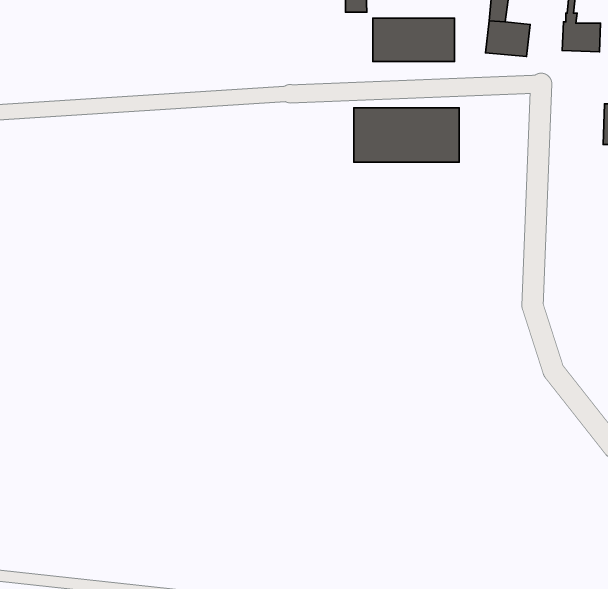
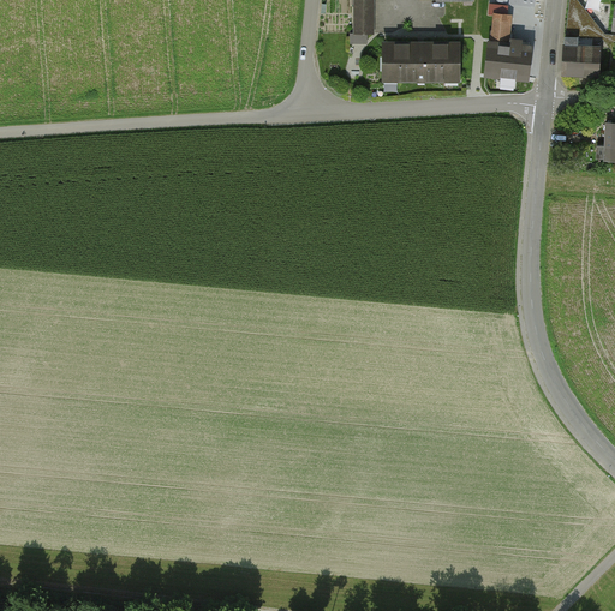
building: [354,108,459,162] -> none

